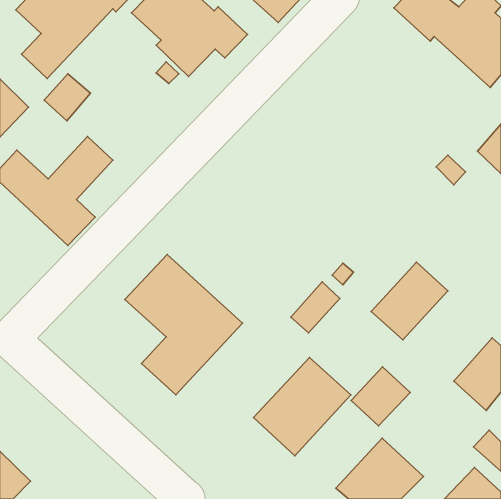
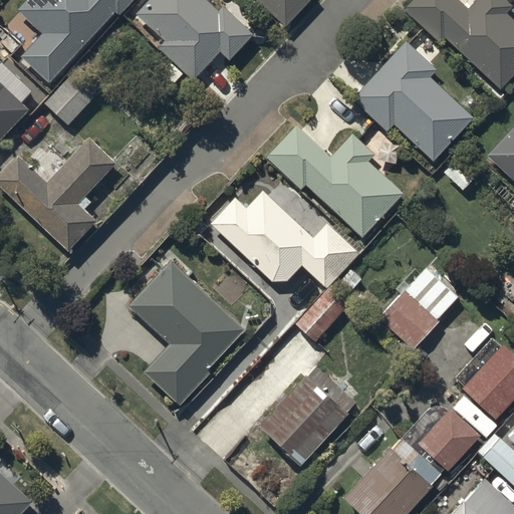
building: none -> [350,38,472,160]
building: none -> [267,124,404,237]
building: none -> [210,192,358,286]
building: [351,367,410,426] -> [419,410,479,470]

